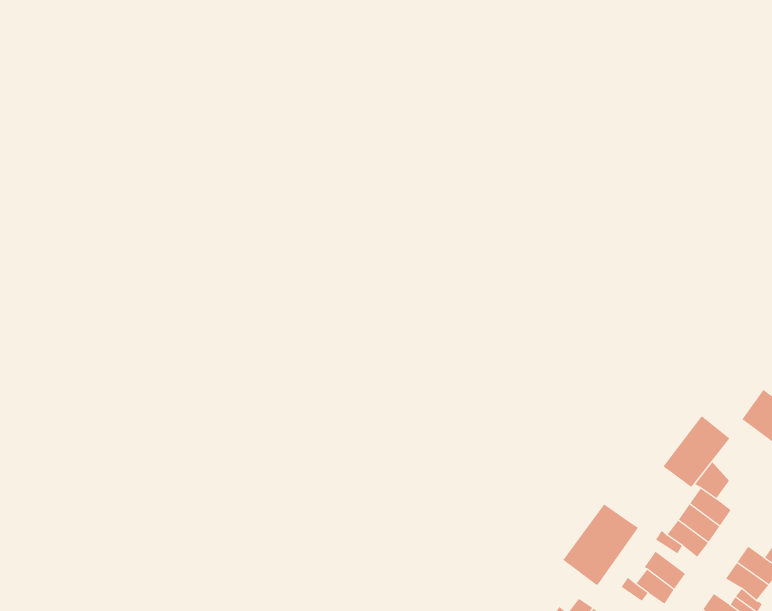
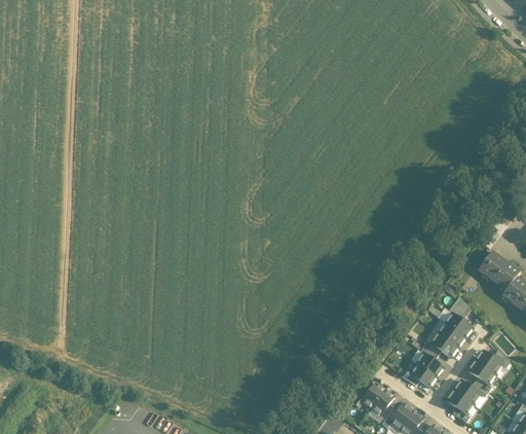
building: [662,416,730,488] -> none
building: [563,503,640,586] -> none

